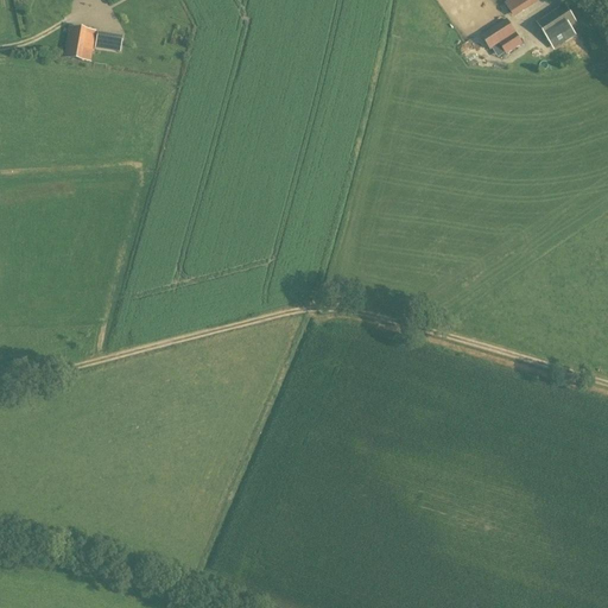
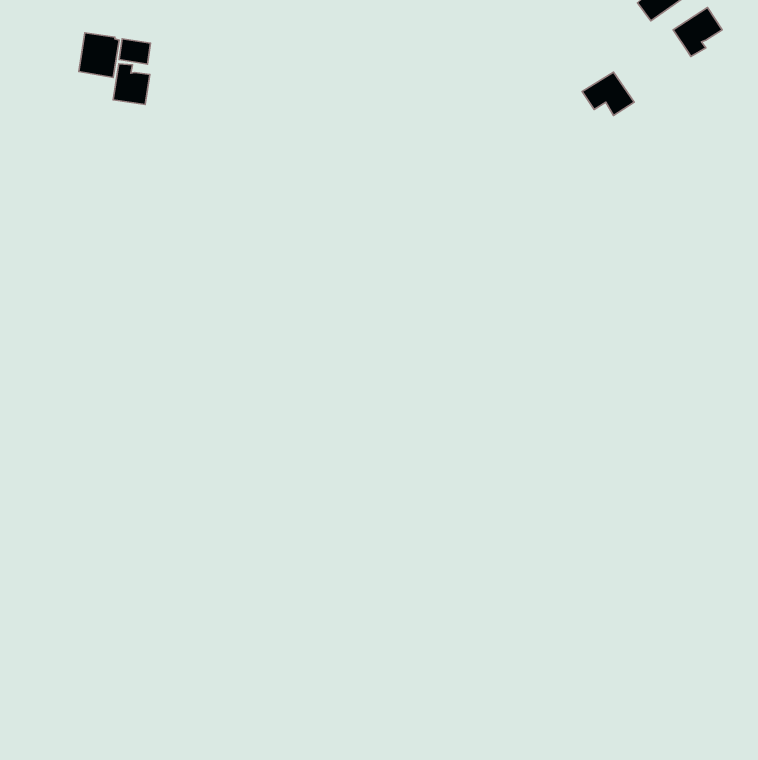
building: [483,20,525,55] -> [582,72,634,116]
building: none -> [113,64,150,105]

